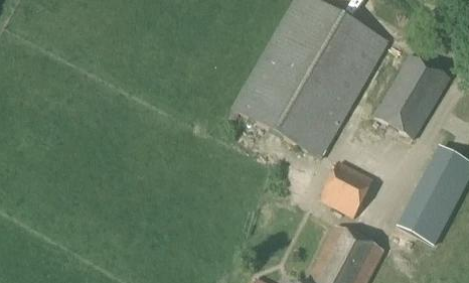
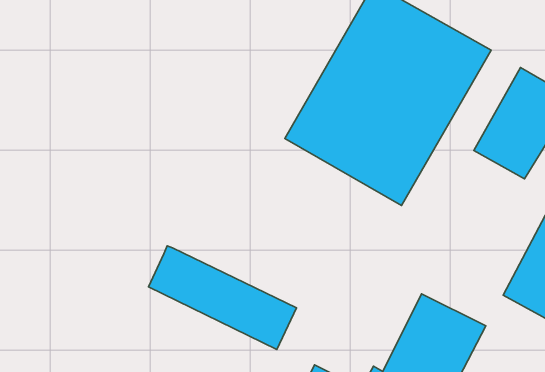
building: [320,161,373,216] -> none
building: none -> [149,246,296,350]

